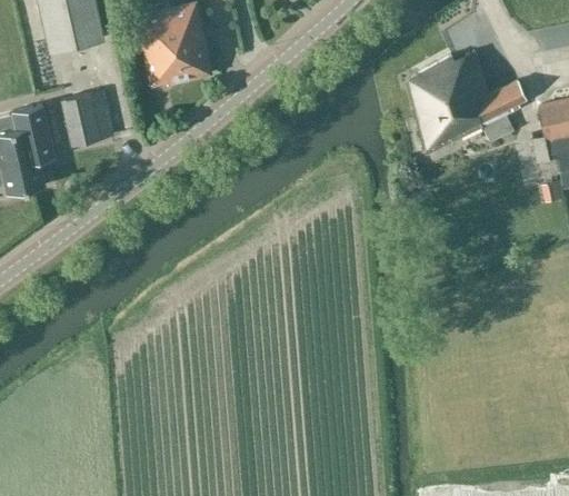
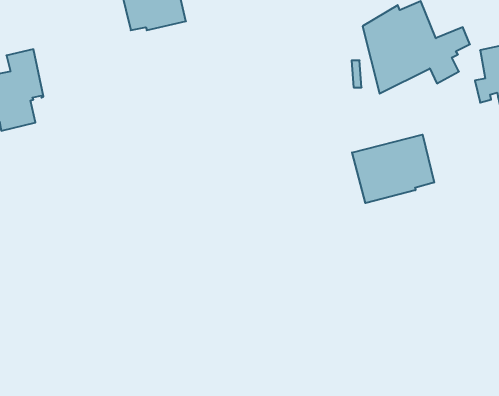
building: [62,89,114,146] -> none
building: none -> [352,135,434,203]

